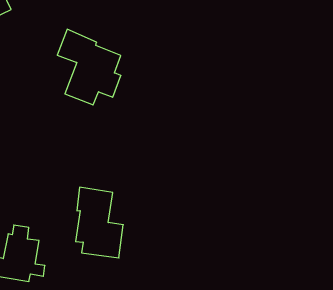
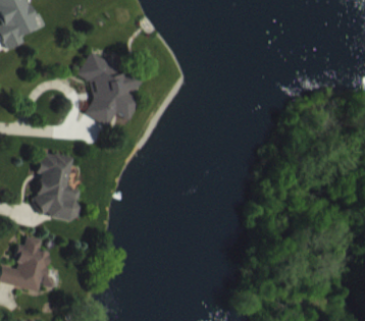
building: [76,187,123,258] -> [35,151,82,221]

